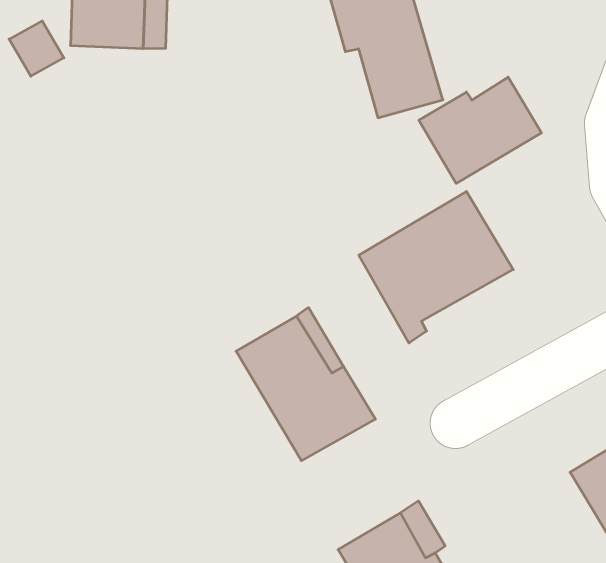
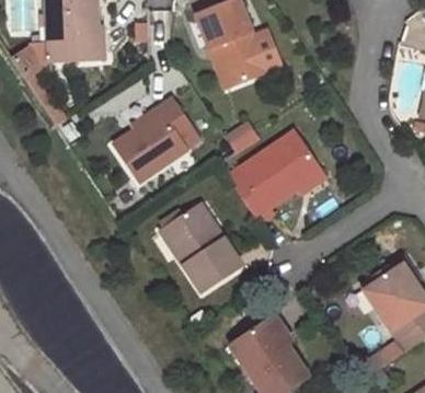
building: [419,77,541,183] -> none
building: none -> [113,99,196,186]

